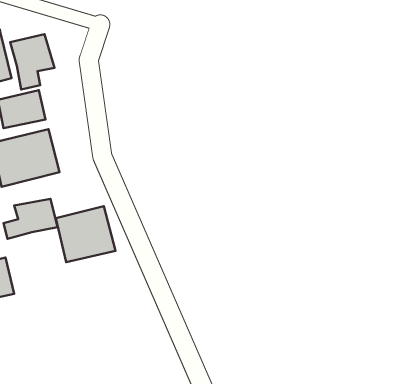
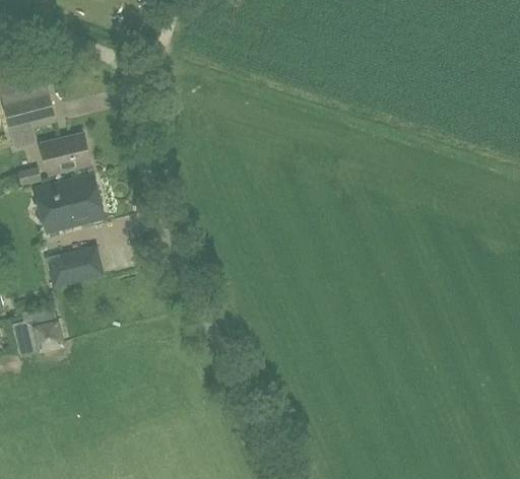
building: [10,34,54,90] -> none
building: [56,206,115,262] -> none

